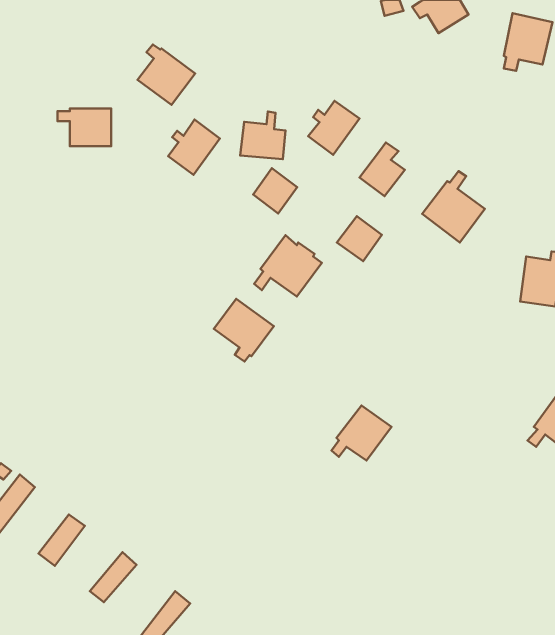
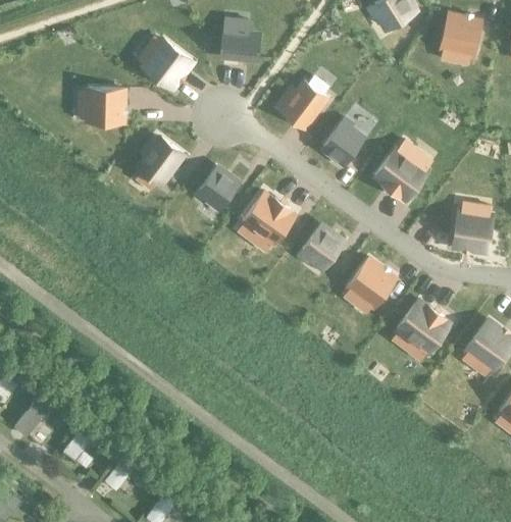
building: [240,112,285,159] -> [220,21,257,60]
building: [168,120,220,175] -> [139,140,181,185]
building: [253,168,297,213] -> [200,170,236,207]
building: [337,216,382,261] -> [302,229,339,266]
building: [214,299,274,361] -> none
building: none -> [393,304,448,353]
building: [331,405,392,461] -> [344,262,393,307]

